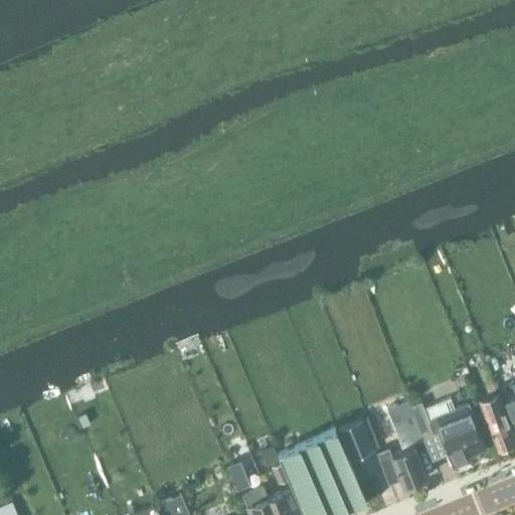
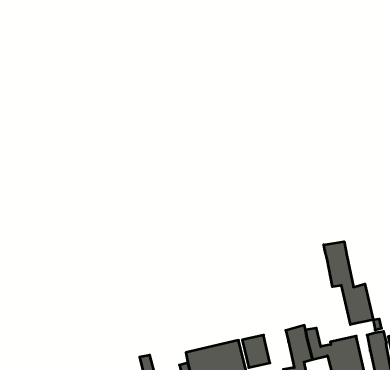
building: none -> [324,242,373,325]

